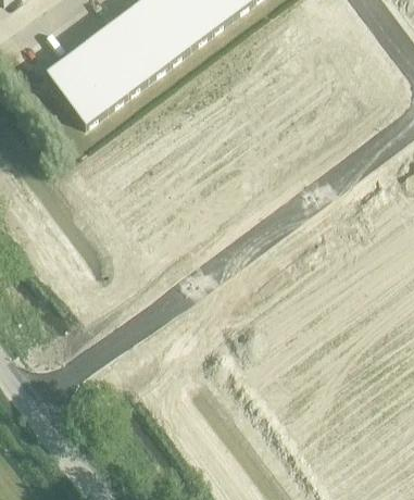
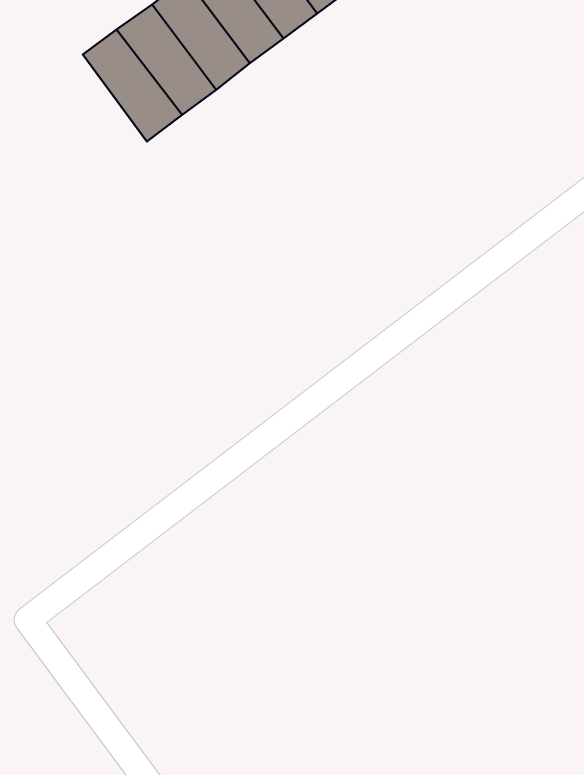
building: [47,54,106,123] -> none

